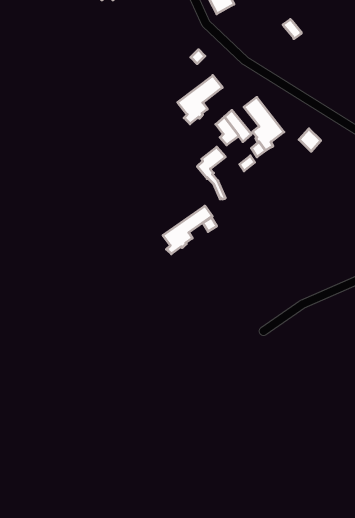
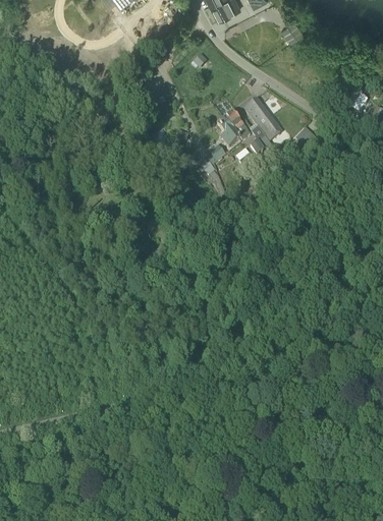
building: [178,75,222,124] -> none
building: [163,206,212,254] -> none

